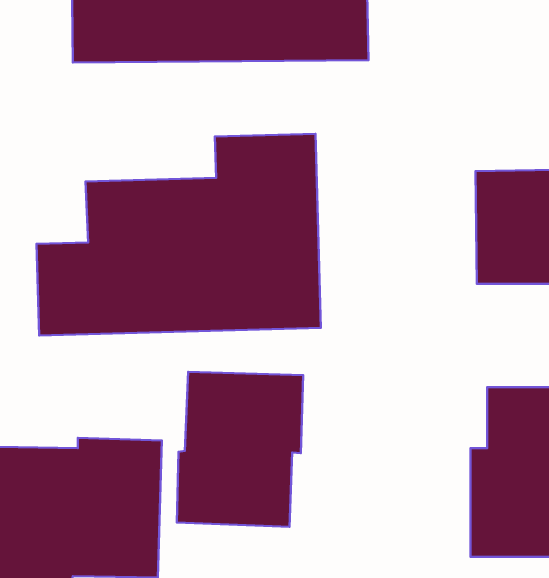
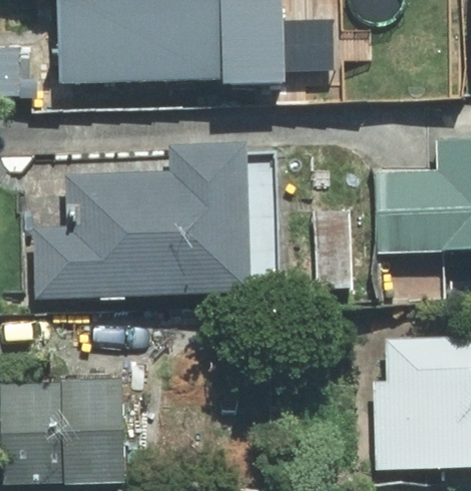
building: [177,372,303,527] -> none

